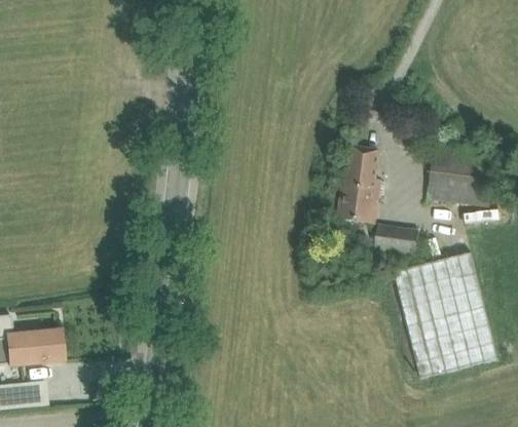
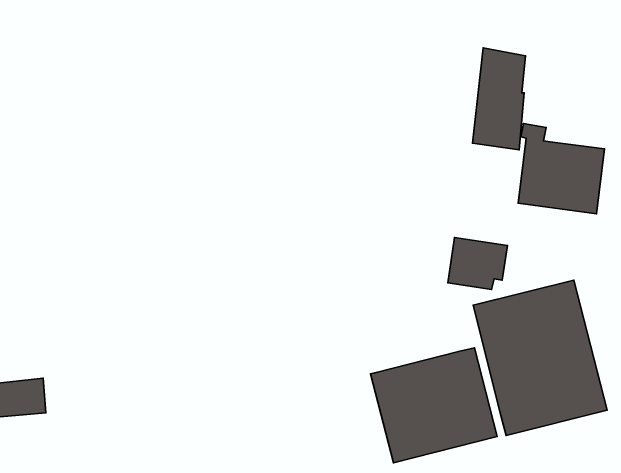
building: [338,144,379,223] -> [473,48,526,150]
building: none -> [371,348,497,463]

